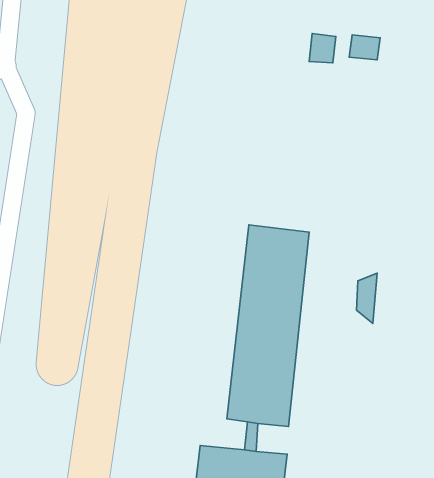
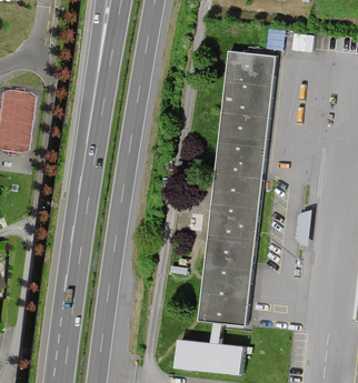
building: none -> [216,51,276,179]

